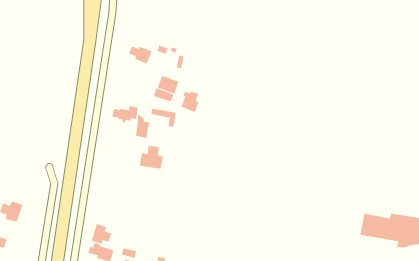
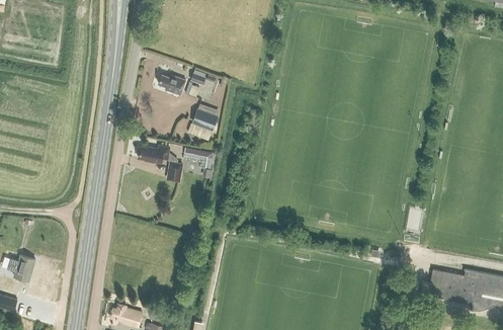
building: [181,91,199,113] -> none
building: [139,145,163,170] -> none
building: [91,223,112,245] -> none

